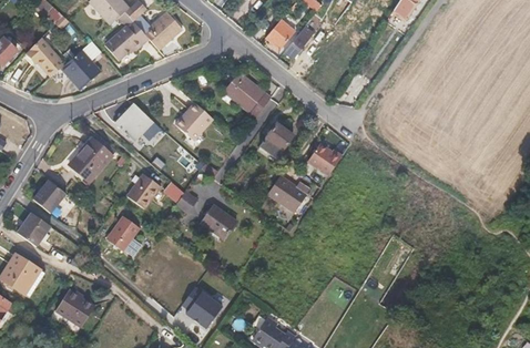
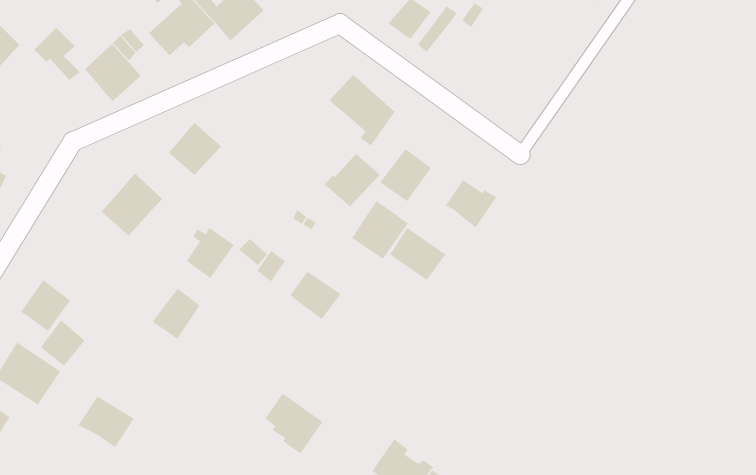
building: [175,104,214,141] -> [323,153,381,207]
building: none -> [351,200,409,260]
building: [34,180,65,212] -> [40,319,86,367]

